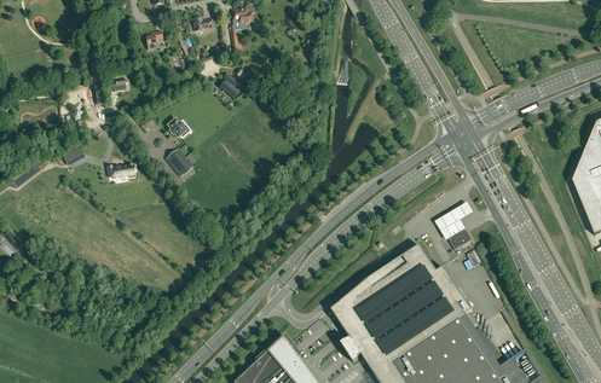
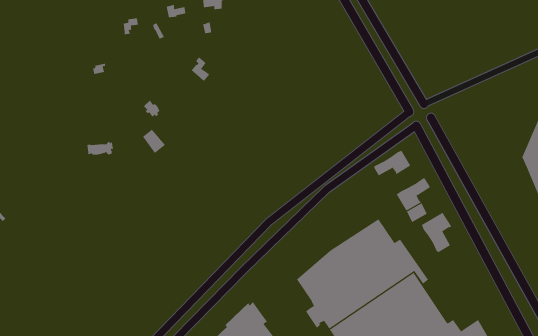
building: none -> [373,150,411,176]
building: none -> [421,212,452,253]

